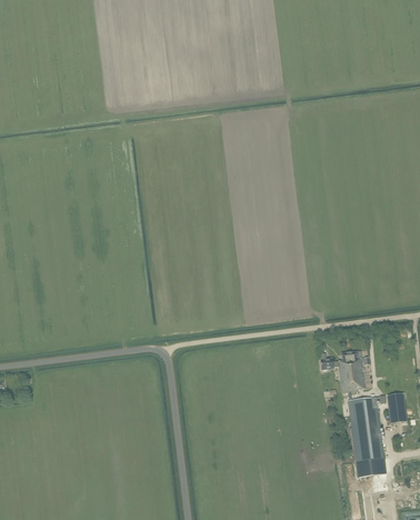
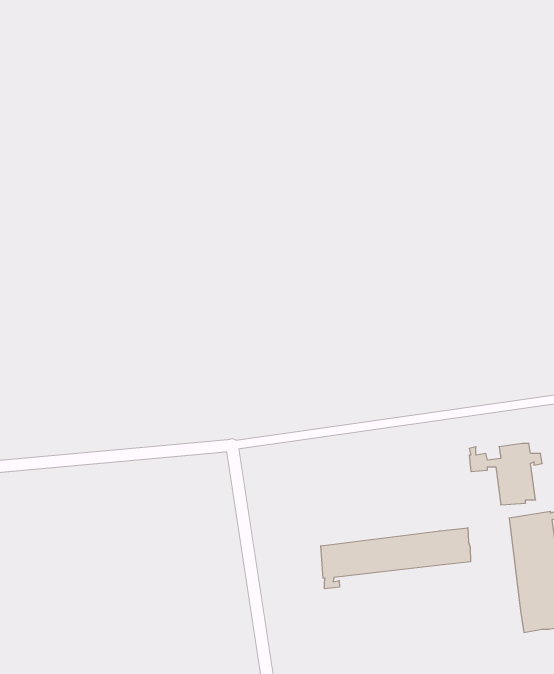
building: none -> [321,528,471,589]

